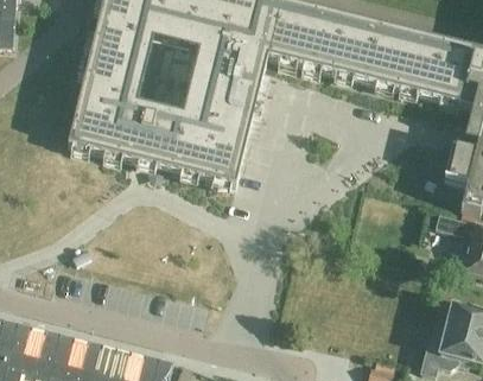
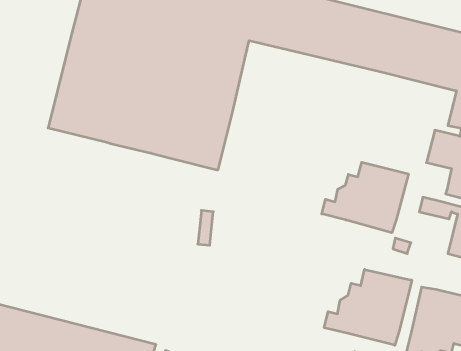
building: none -> [322,162,408,233]
building: none -> [324,269,412,345]

